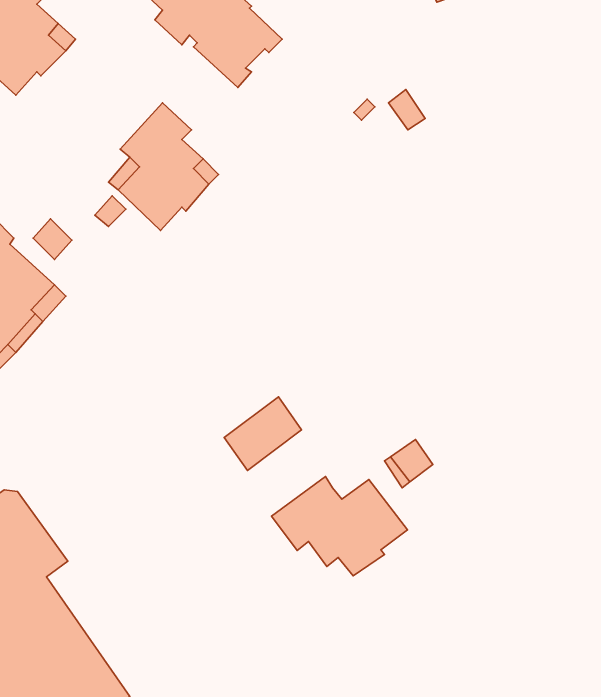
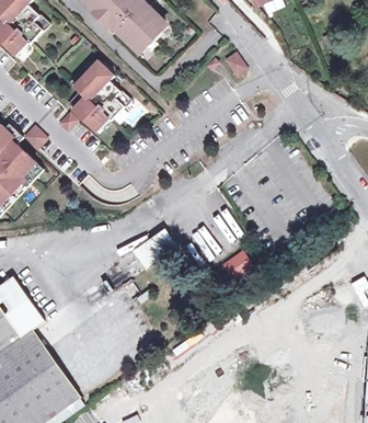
building: [272,476,408,576] -> none

